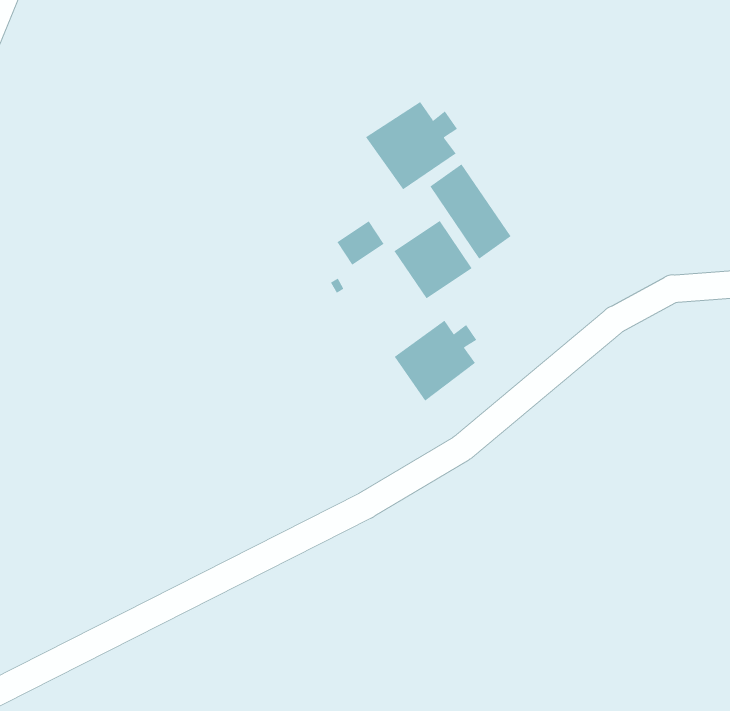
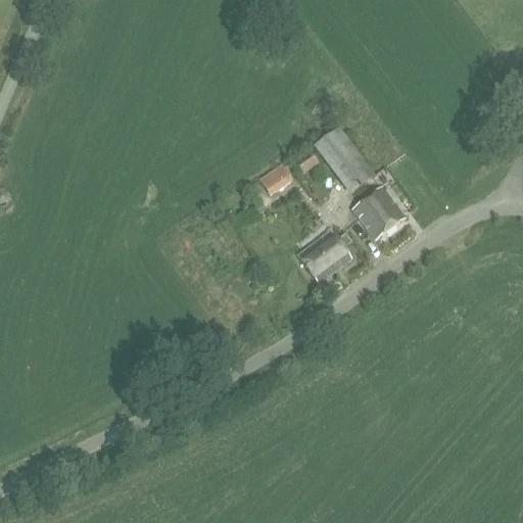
building: [365,101,458,190] -> none
building: [394,220,472,299] -> [351,186,403,238]

